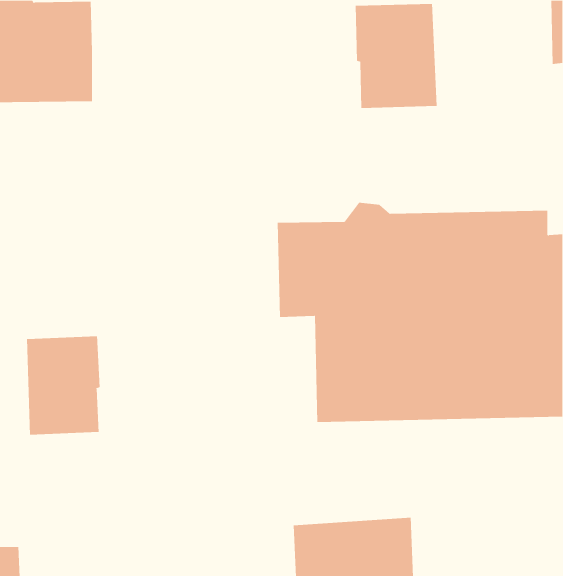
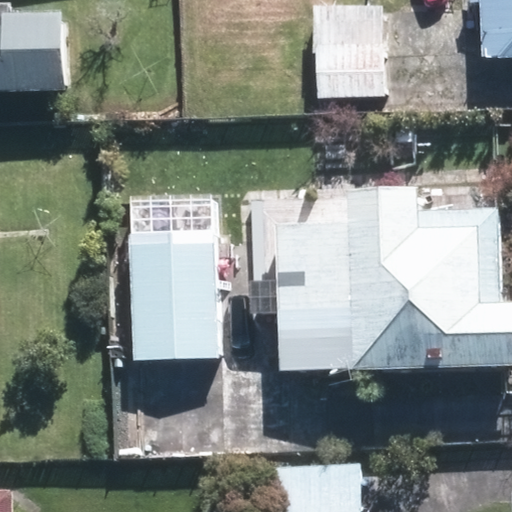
building: none -> [124,231,223,360]
building: [27,335,100,435] -> none

